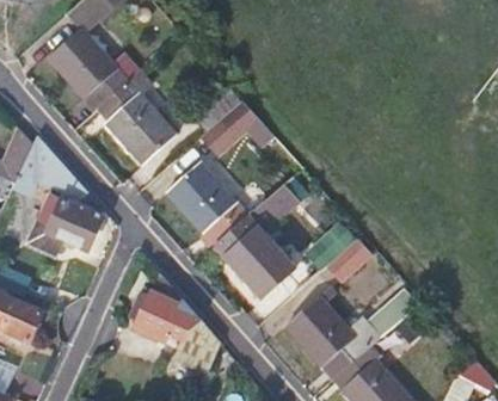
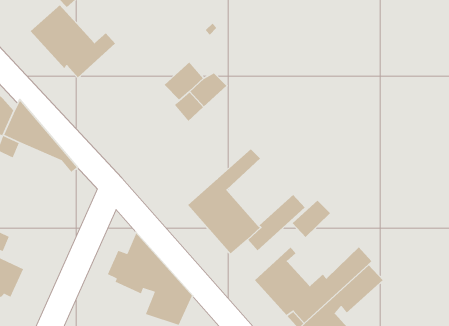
building: [98,72,174,166] -> none
building: [167,164,247,245] -> none
building: [27,193,99,252] -> none

